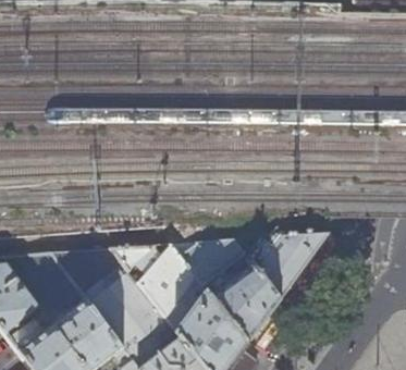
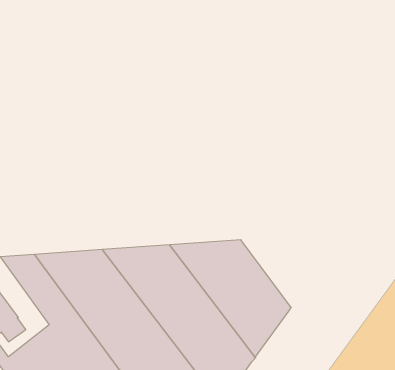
building: [234,231,328,297] -> none

